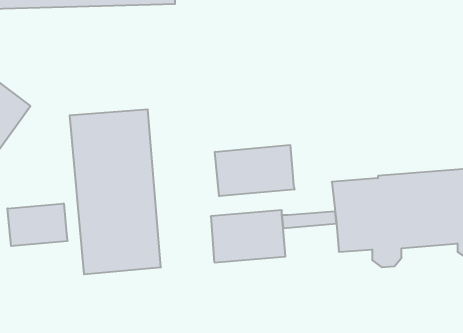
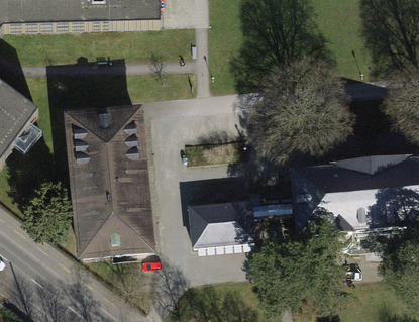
building: [215,145,294,196] -> none
building: [7,203,67,246] -> none

